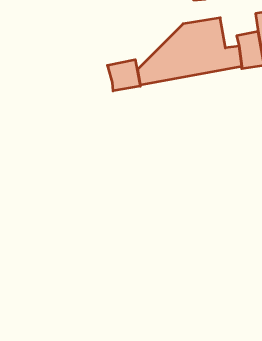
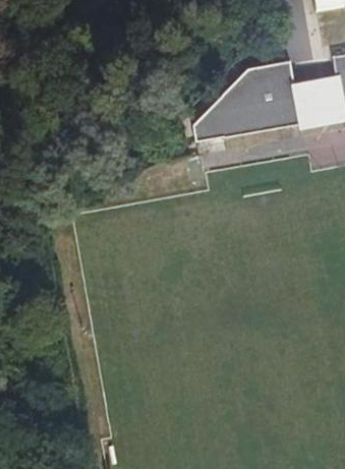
building: [107,60,140,91] -> none

